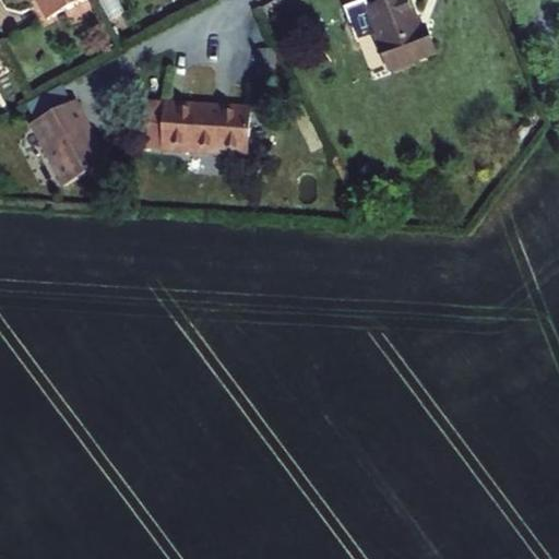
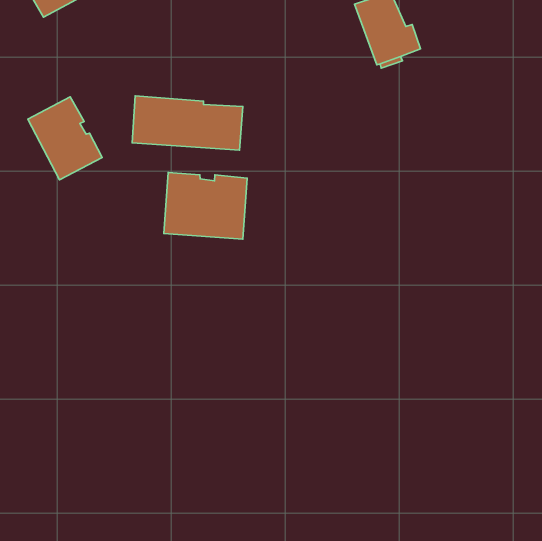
building: none -> [164,173,247,239]

